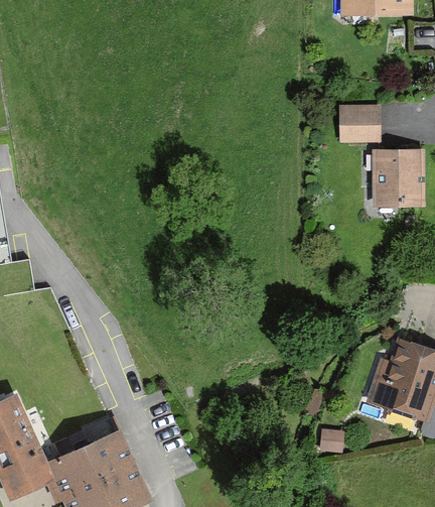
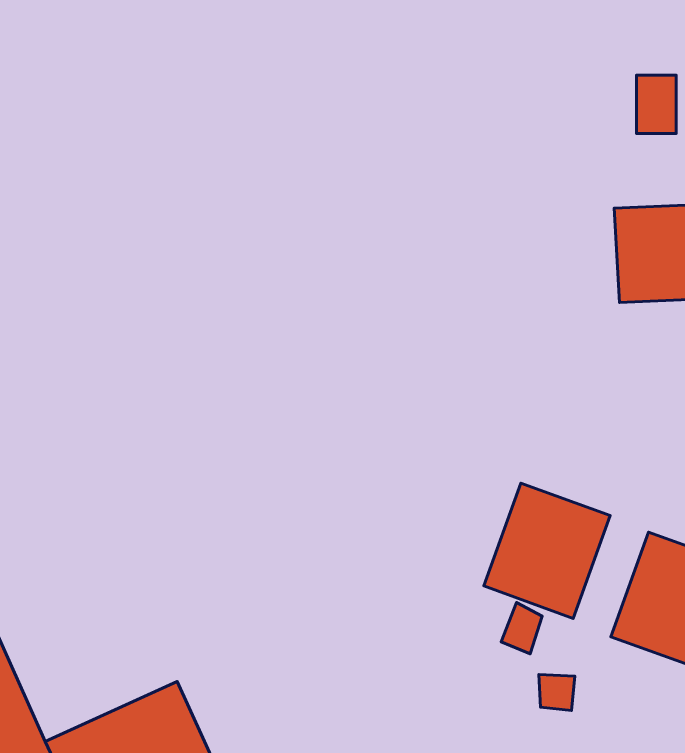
building: [344,109,368,143] -> [637,75,676,134]
building: none -> [484,483,610,618]

